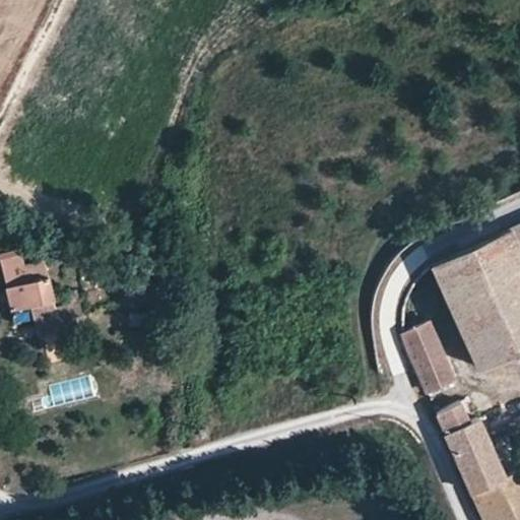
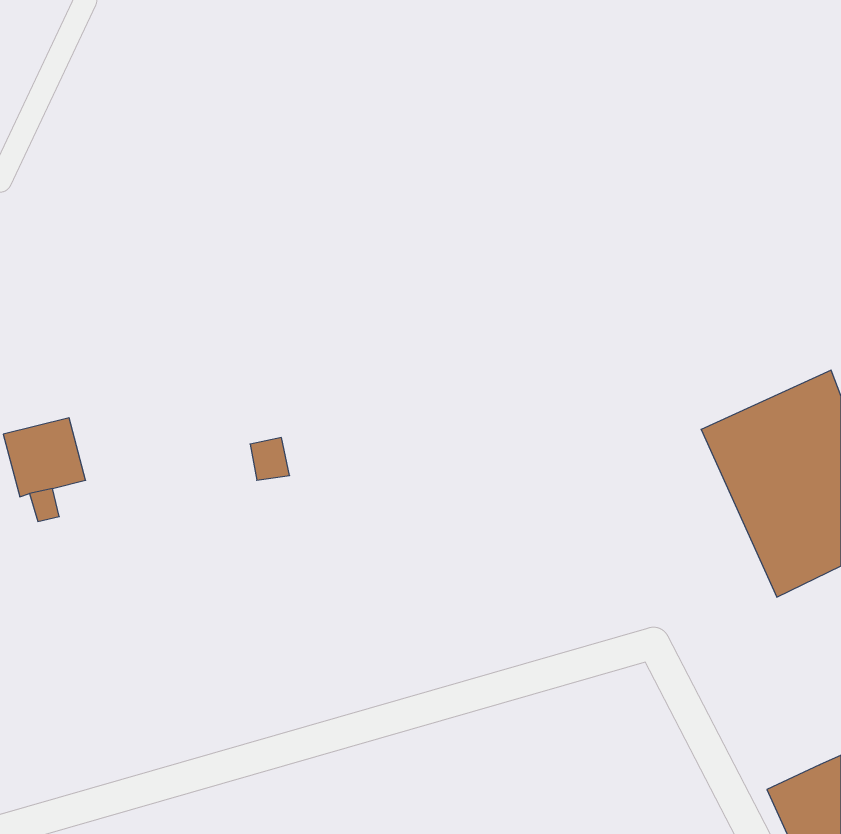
building: [403,324,454,392] -> none
building: [438,403,506,492] -> none

